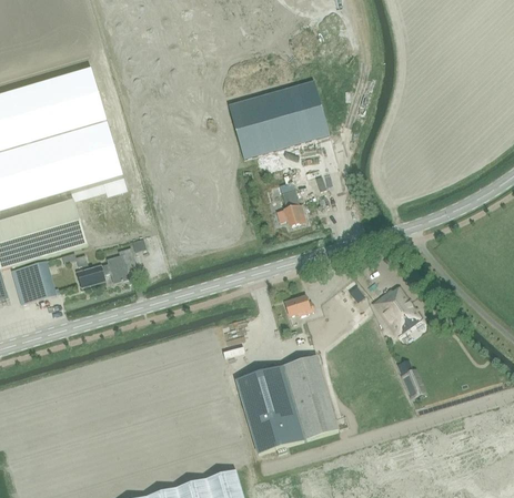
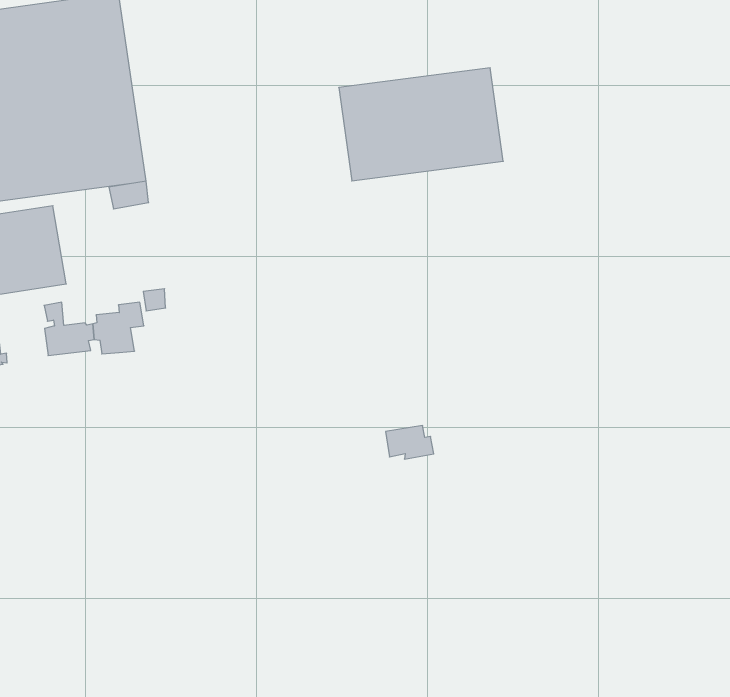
building: [281,190,305,226] -> none
building: [372,287,423,338] -> none
building: [235,355,339,454] -> none

